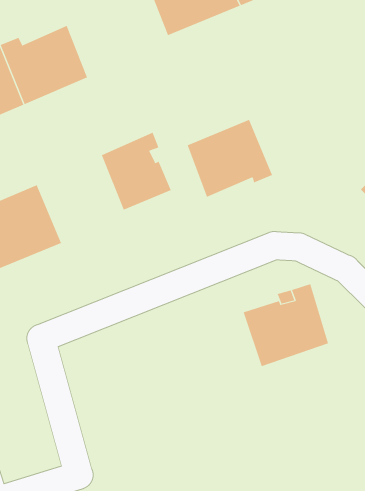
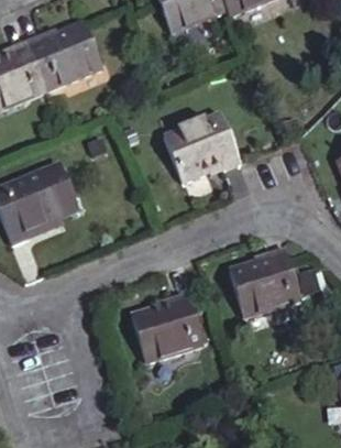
building: [101,132,171,210] -> none
building: none -> [129,295,200,364]

